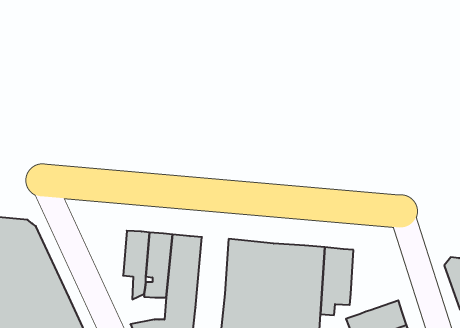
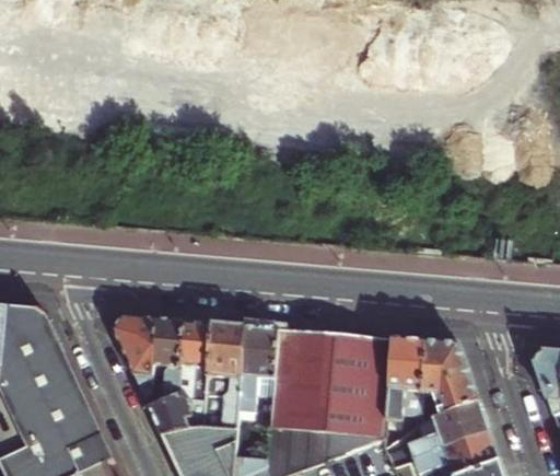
building: none -> [110,317,154,397]
building: none -> [236,328,276,413]
building: none -> [421,344,478,416]
building: none -> [148,396,194,432]

